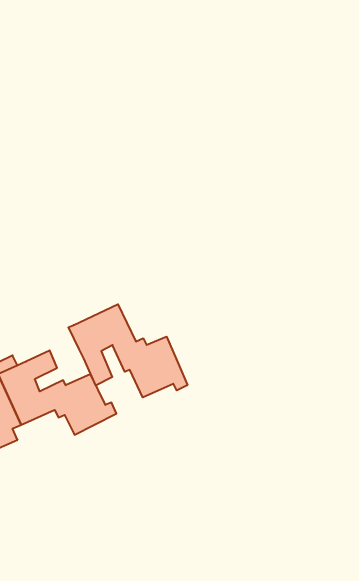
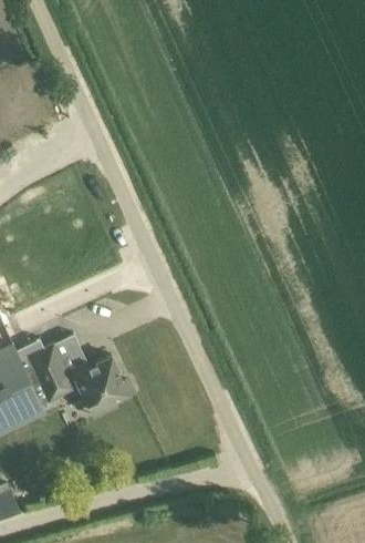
building: [68,304,187,397] -> none

